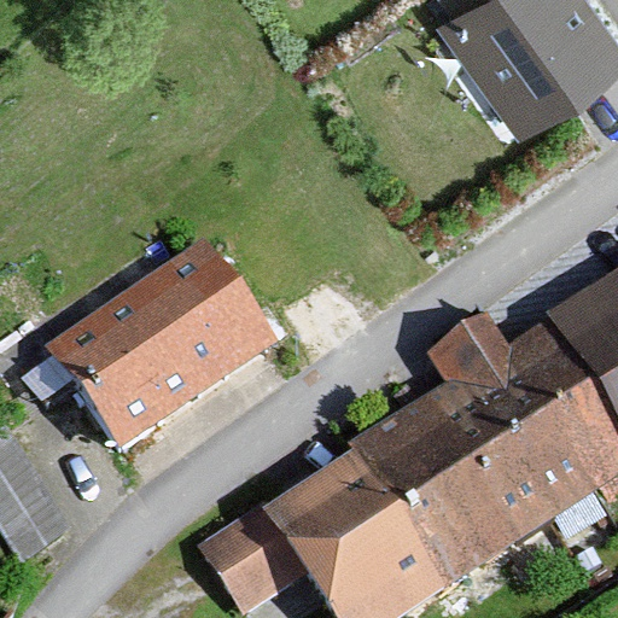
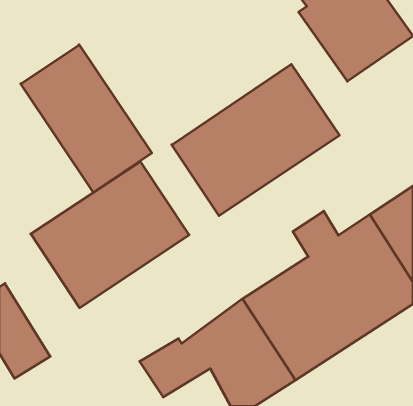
building: none -> [21,45,152,193]
building: none -> [172,64,339,216]

